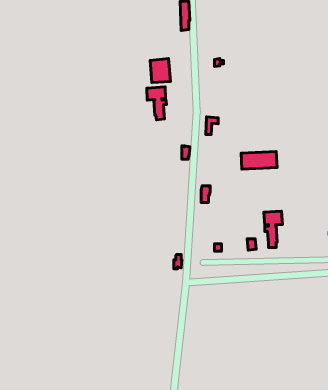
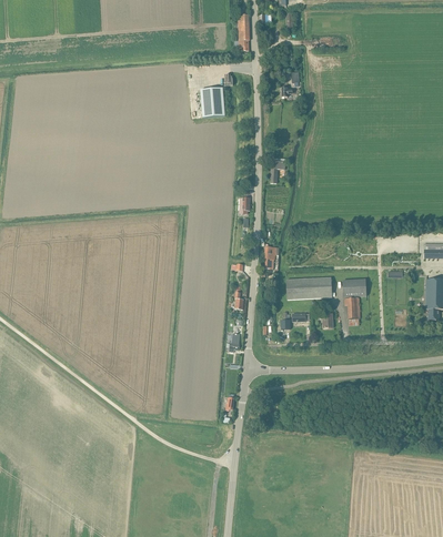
building: [147,87,166,120] -> none
building: [241,152,277,169] -> [286,276,332,298]

